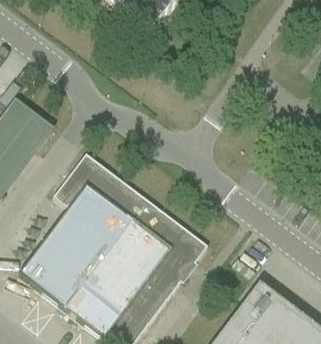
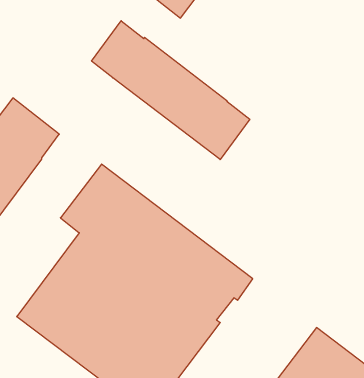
building: none -> [92,21,250,160]

